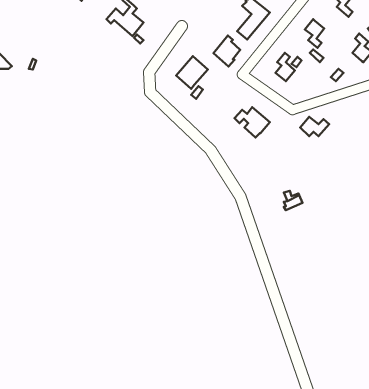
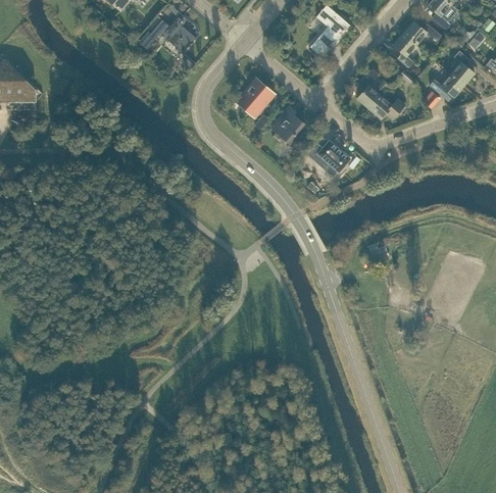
building: none -> [403,22,442,45]
building: [213,36,240,67] -> [271,107,304,145]
building: none -> [430,75,464,98]
building: [300,117,329,136] -> [369,96,405,119]

